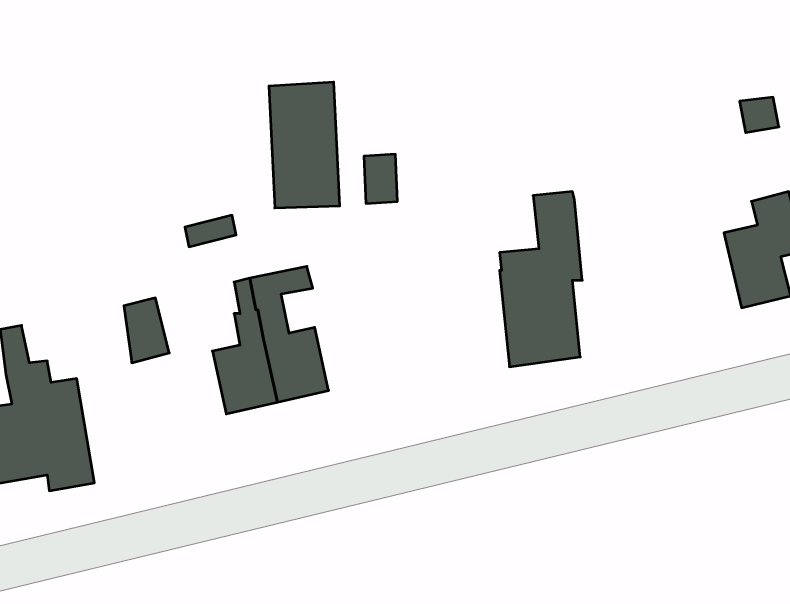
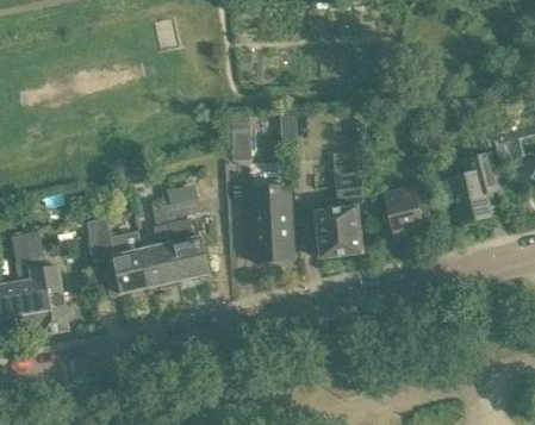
building: [269,82,340,208] -> [250,183,293,260]
building: none -> [382,183,430,238]
building: none -> [105,248,148,294]

